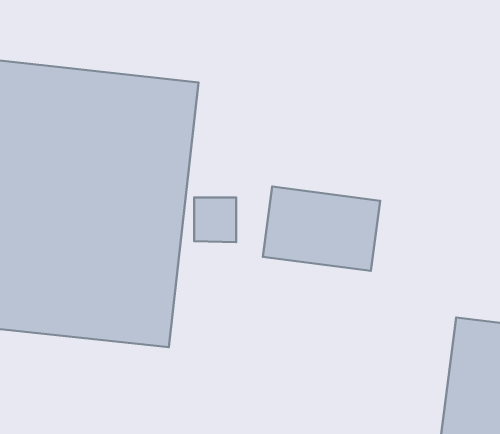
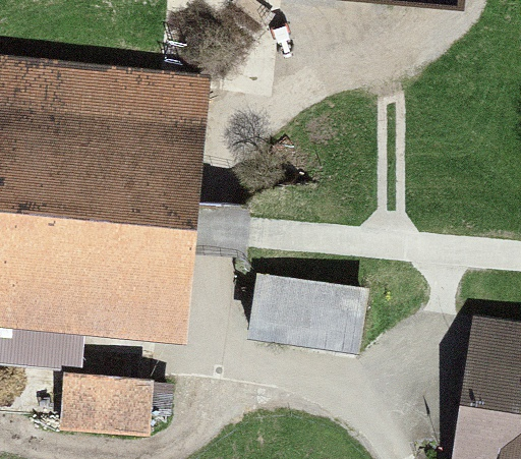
building: [263,186,380,271] -> [245,267,362,351]
building: none -> [56,380,154,431]

